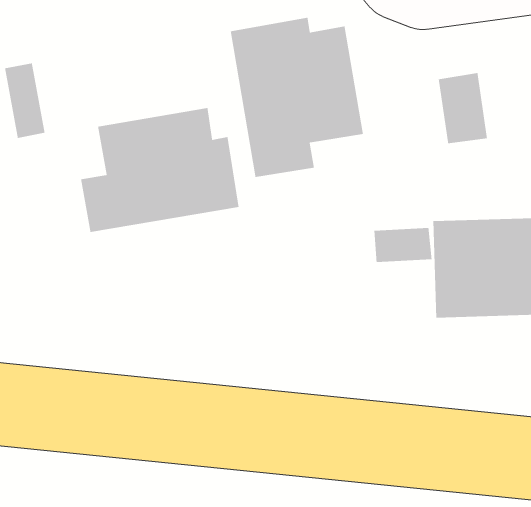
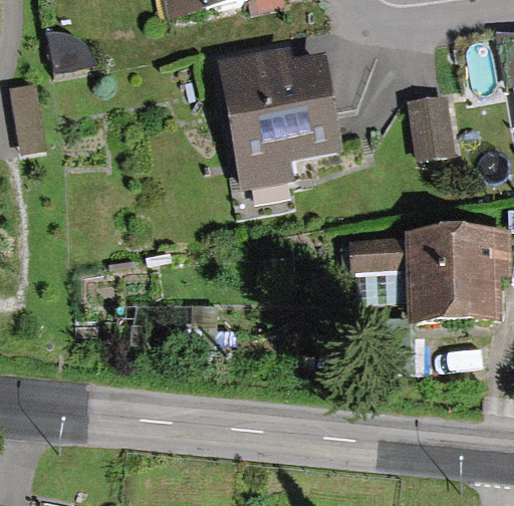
building: [80,107,240,233] -> none

